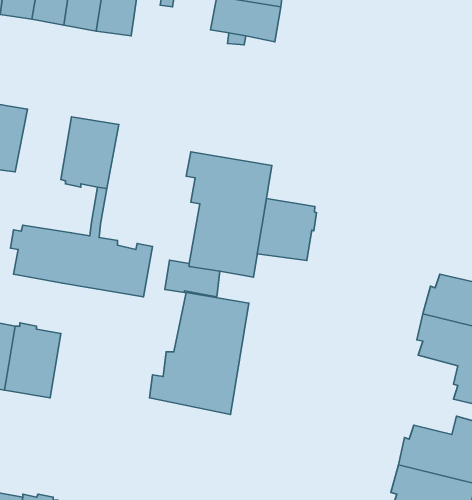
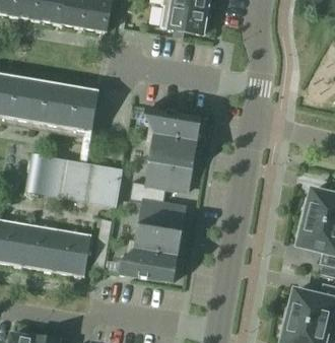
building: none -> [29,80,67,127]
building: [257,198,317,261] -> none
building: none -> [53,228,90,277]

